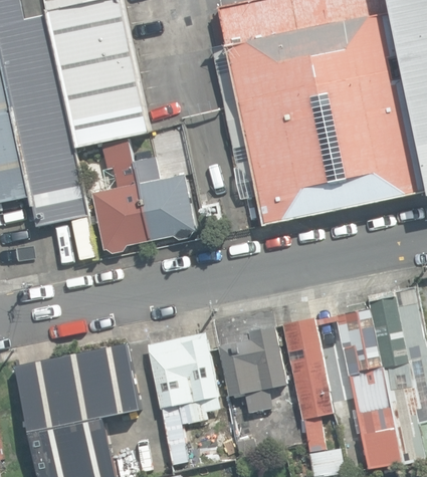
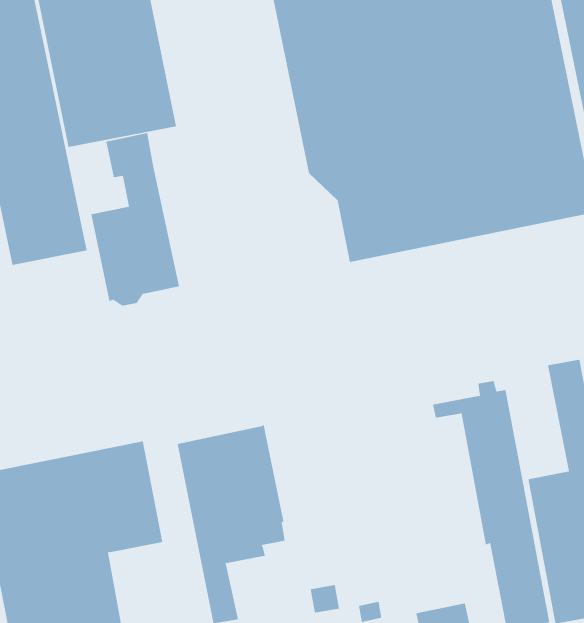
building: [134,157,196,240] -> none
building: [369,292,409,368] -> none
building: [284,317,335,452] -> none
building: [219,326,287,412] -> none

